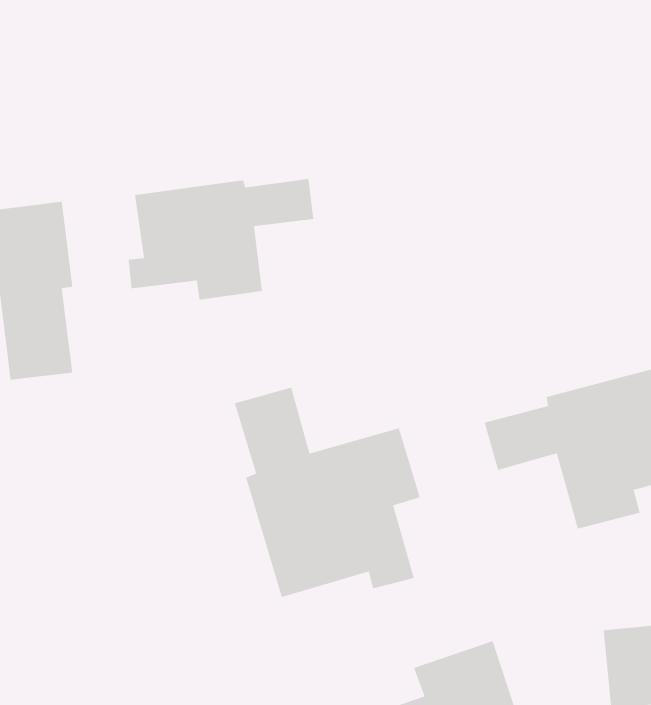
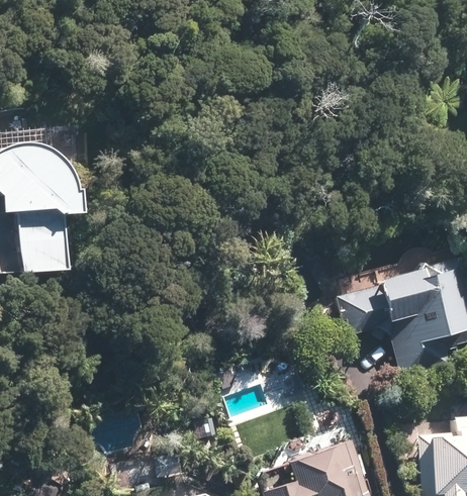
building: [128,178,314,300] -> none
building: [234,387,421,598] -> none

